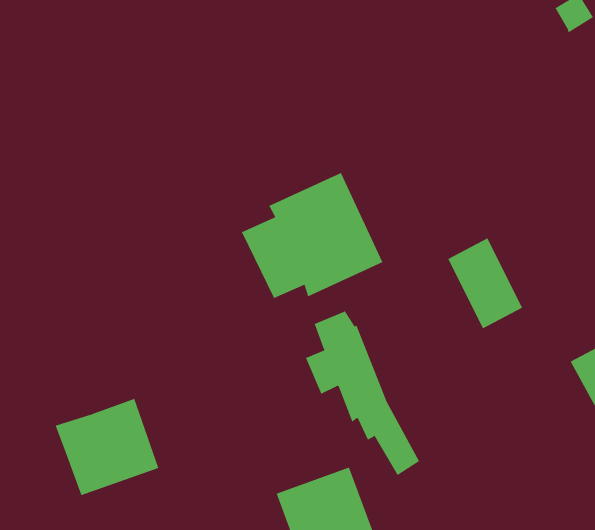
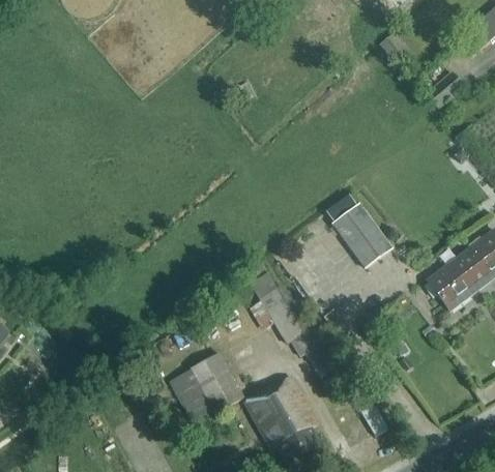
building: [241,172,383,299] -> none
building: [55,398,159,496] -> [169,352,243,423]

